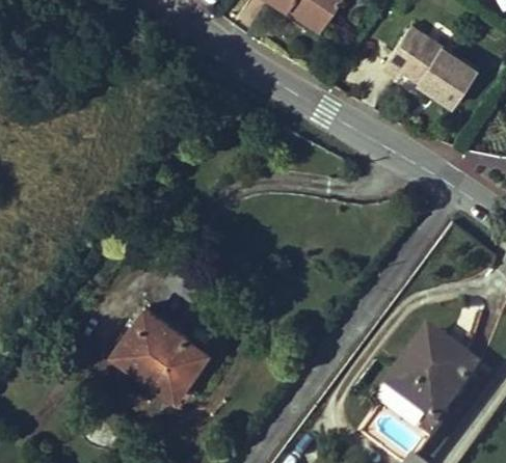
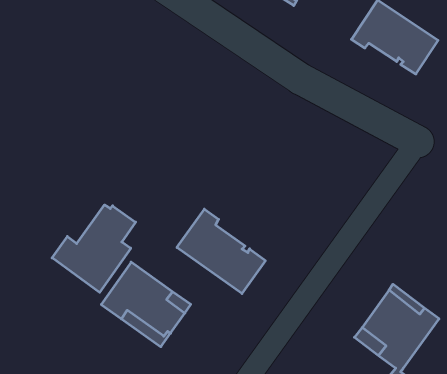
building: none -> [52,205,136,292]
building: none -> [177,209,265,294]

